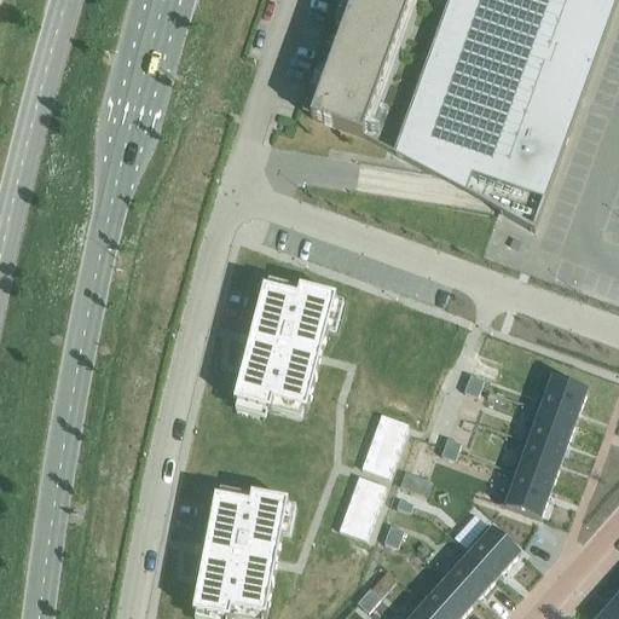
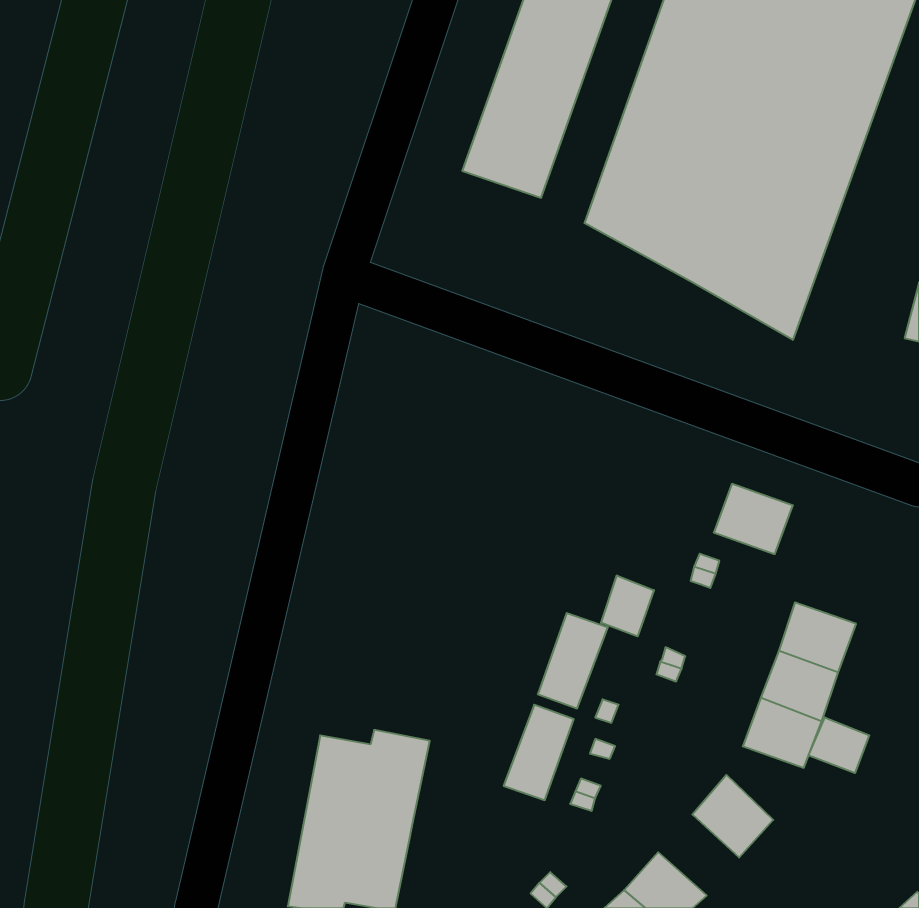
building: [235,284,336,409] -> none
building: [534,372,588,420] -> [714,484,793,554]
building: none -> [601,575,654,636]
building: none -> [809,717,869,773]
building: [442,548,497,602] -> none

